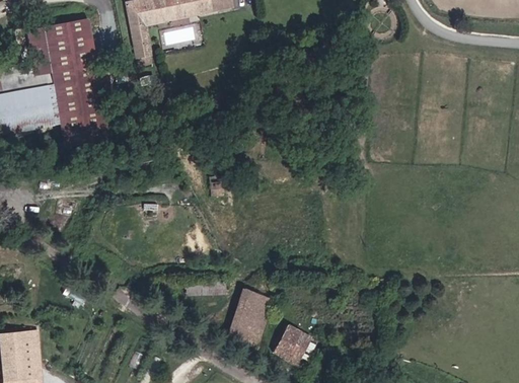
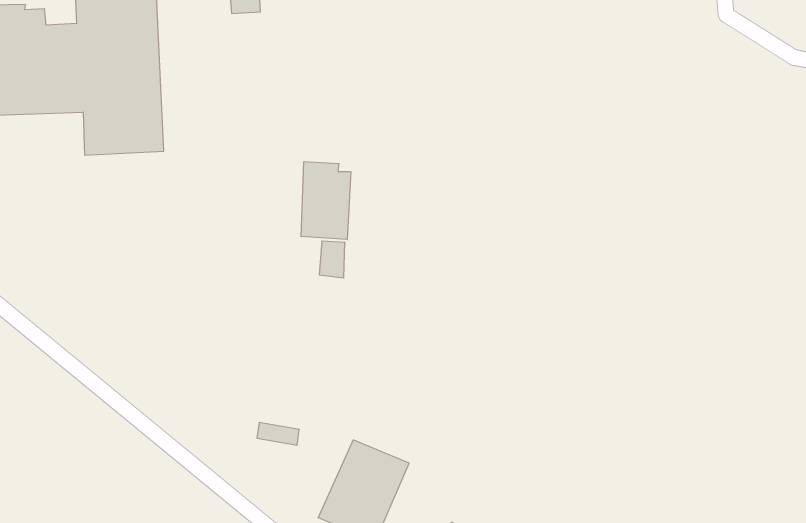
building: none -> [301,162,351,240]

